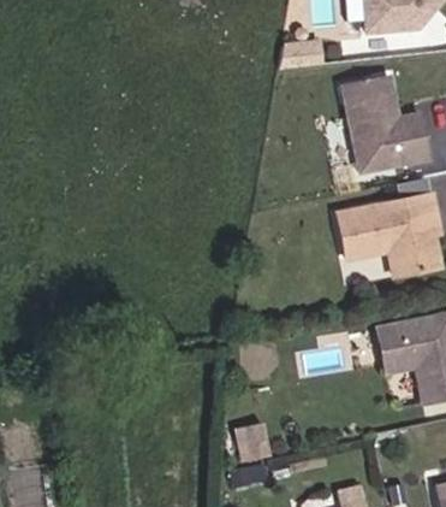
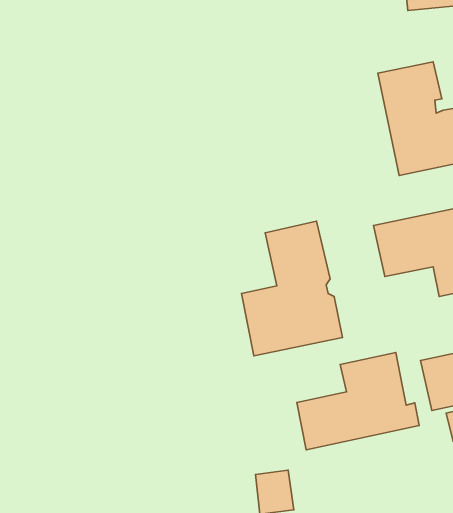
building: none -> [241,221,343,356]
building: none -> [297,353,419,450]

